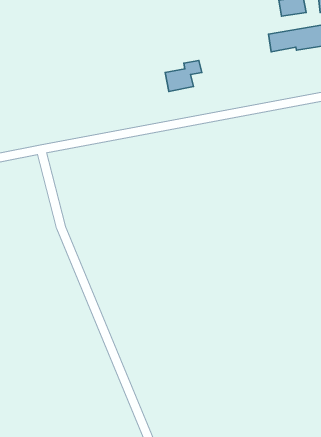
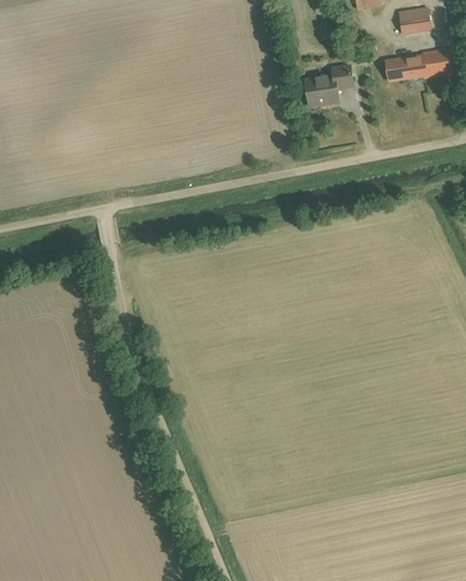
building: [165,60,202,91] -> [305,72,352,112]

